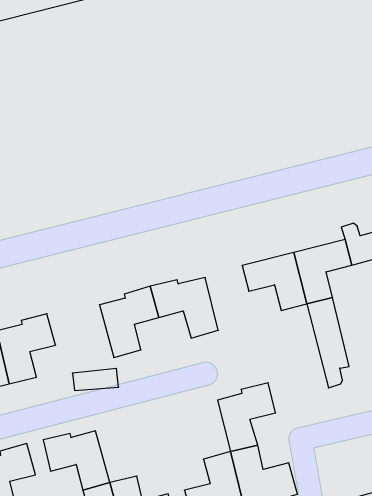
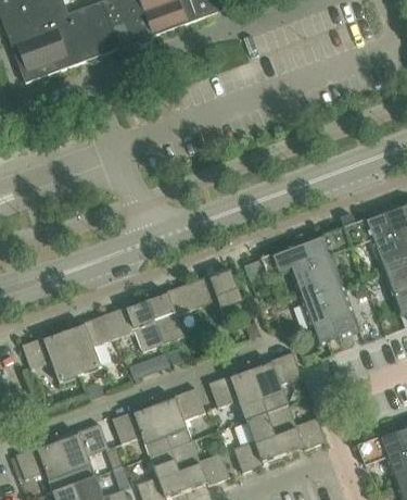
building: none -> [297,283,343,353]
building: none -> [105,301,164,351]
building: none -> [209,370,268,420]
building: none -> [155,387,205,447]

